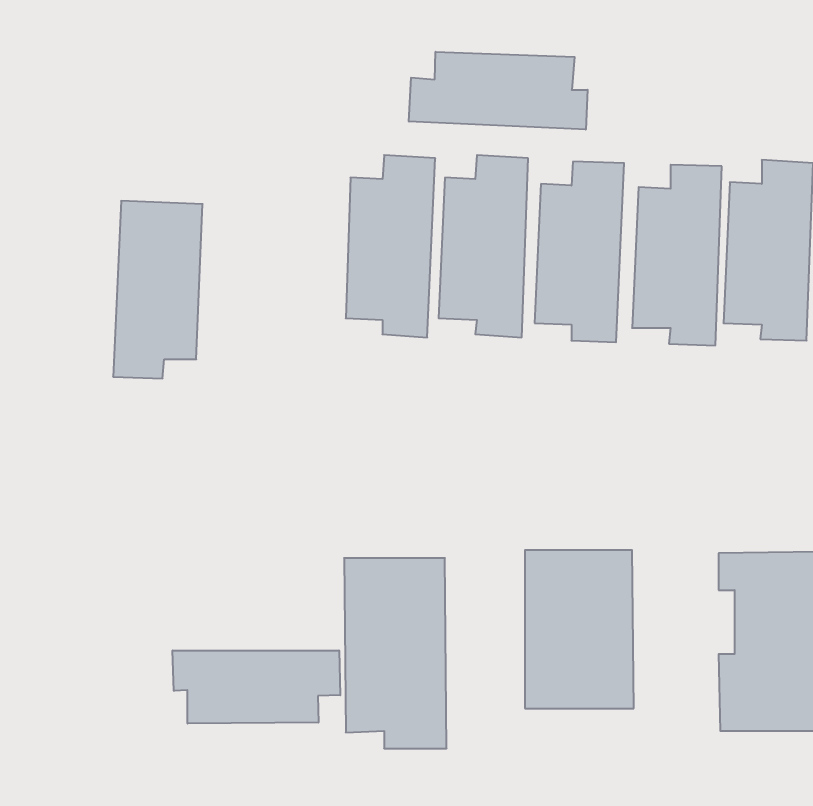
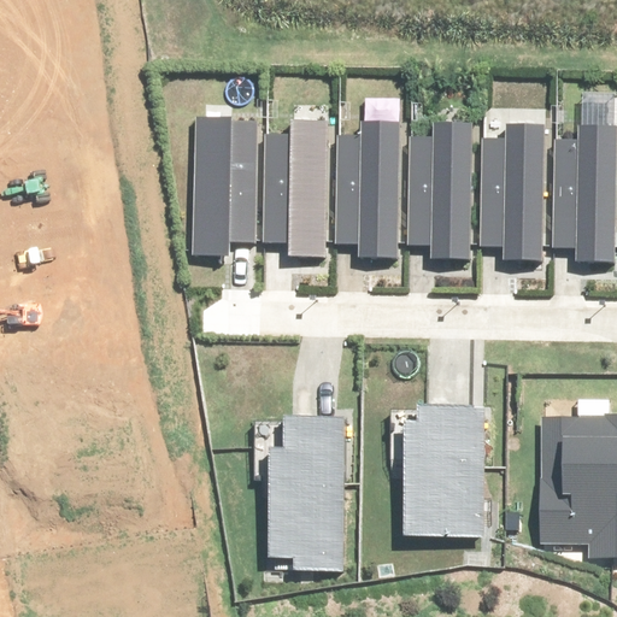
building: [409,52,588,130] -> none
building: [113,201,203,378] -> [193,119,260,253]
building: [173,650,340,724] -> none

